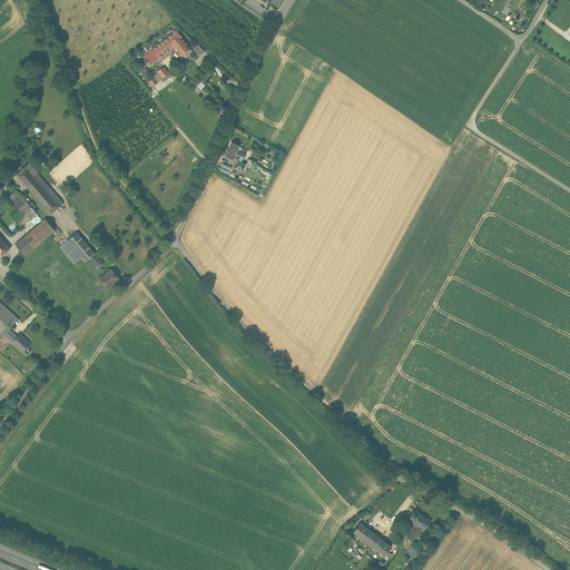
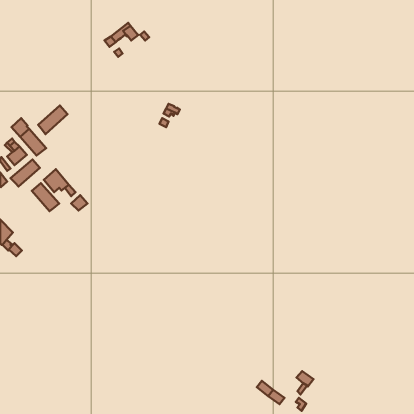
building: none -> [38,106,67,134]
building: none -> [32,183,59,211]

